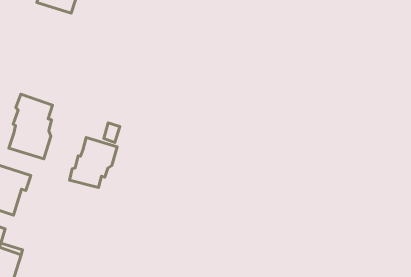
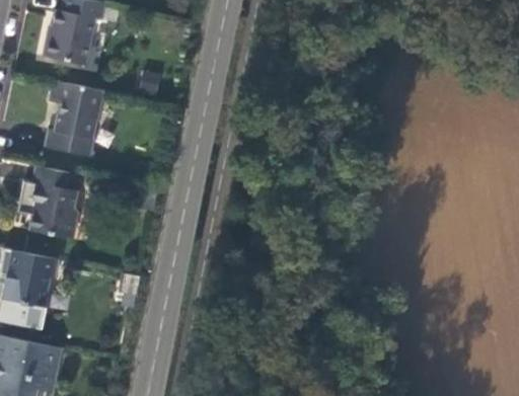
building: none -> [46,81,103,156]
building: [70,138,117,187] -> none

